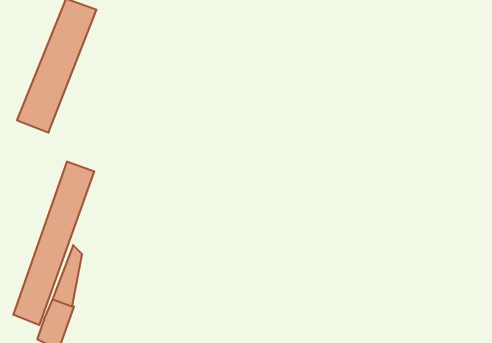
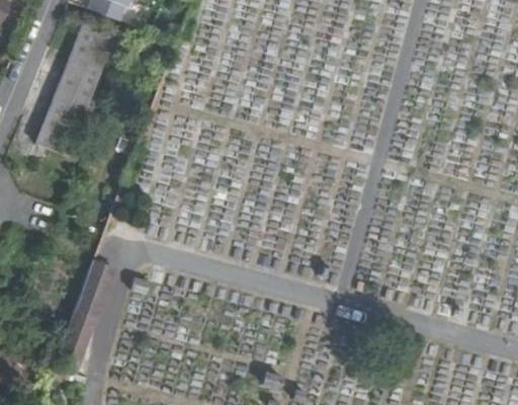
building: [13,161,94,325] -> none

